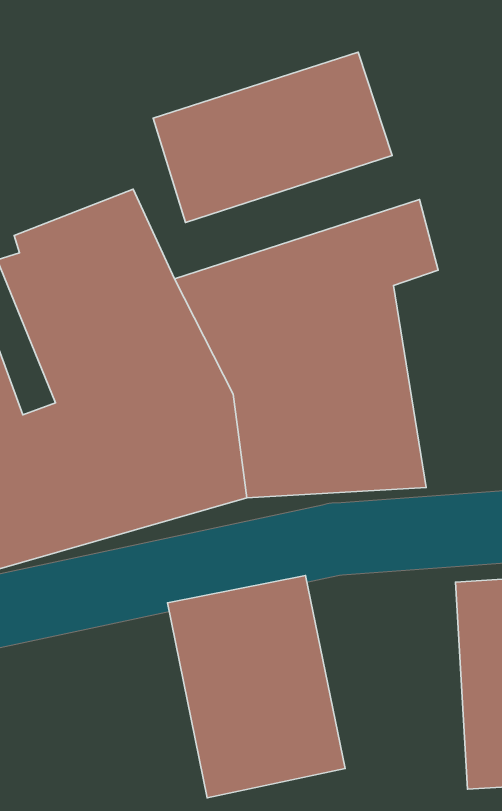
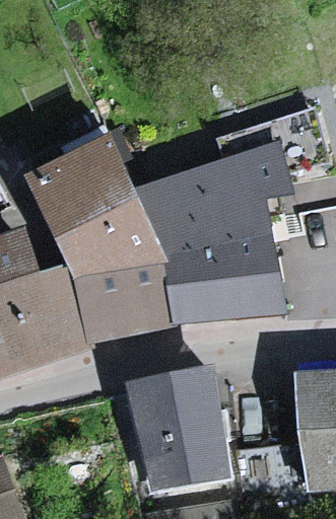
building: [153,52,392,222] -> none

